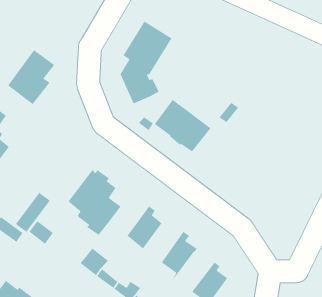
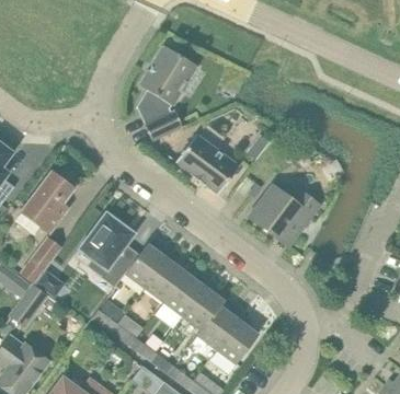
building: [7,49,55,105] -> [20,171,73,233]
building: none -> [247,185,319,237]
building: none -> [124,243,169,287]
building: none -> [162,273,207,316]
building: none -> [9,286,45,326]
building: none -> [197,305,242,349]

